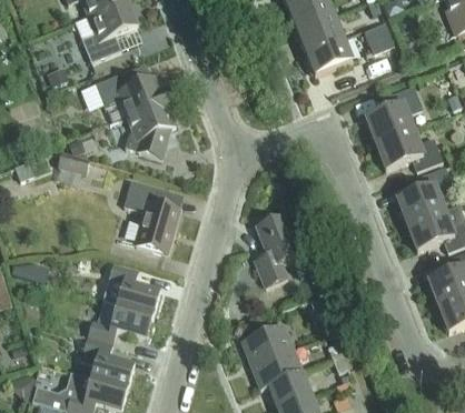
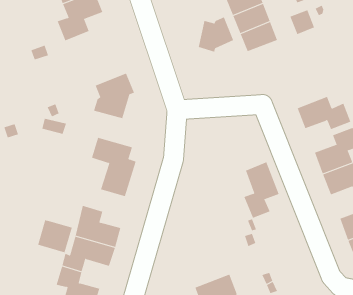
building: none -> [198,17,234,53]
building: [95,72,166,121] -> none
building: [365,85,422,143] -> none
building: [254,215,298,285] -> [243,162,280,219]
building: none -> [37,219,73,253]
building: [240,323,293,363] -> none

